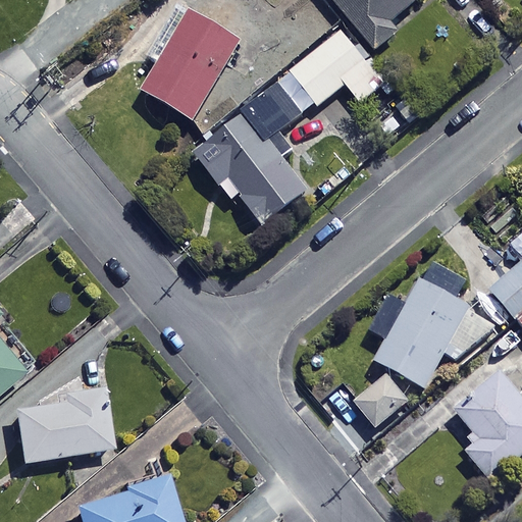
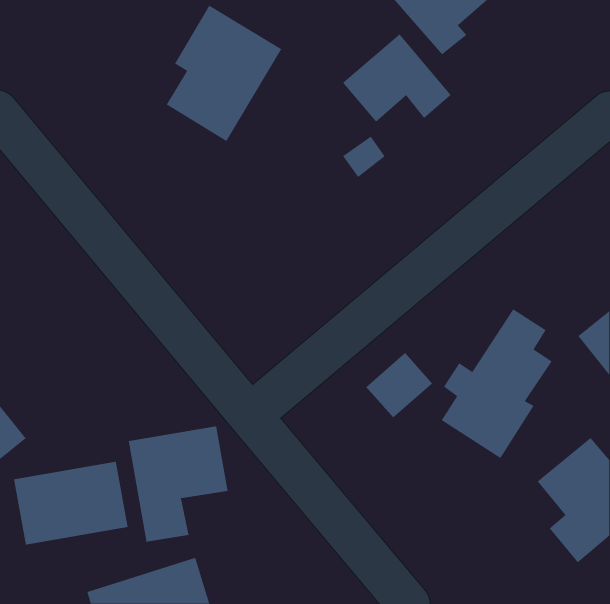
building: [193,84,309,225] -> none
building: none -> [128,425,228,542]
building: [354,371,411,427] -> [366,352,433,418]

